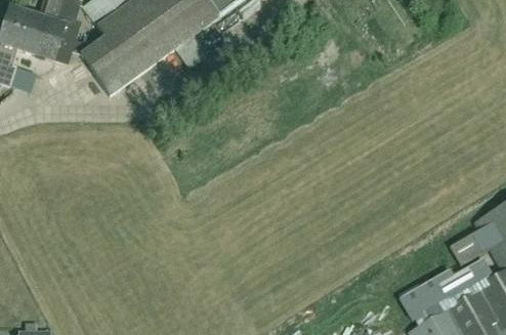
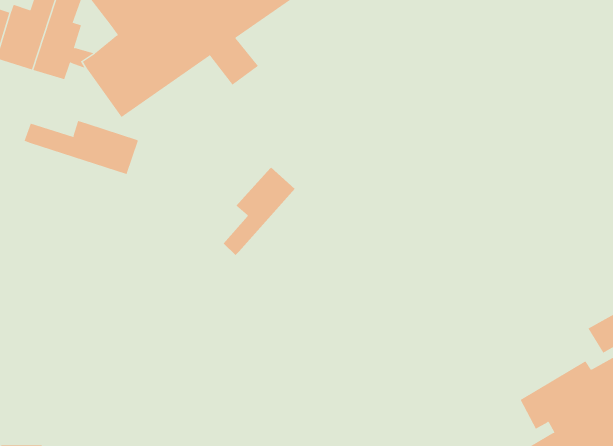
building: none -> [24,120,139,175]
building: none -> [223,167,295,256]

